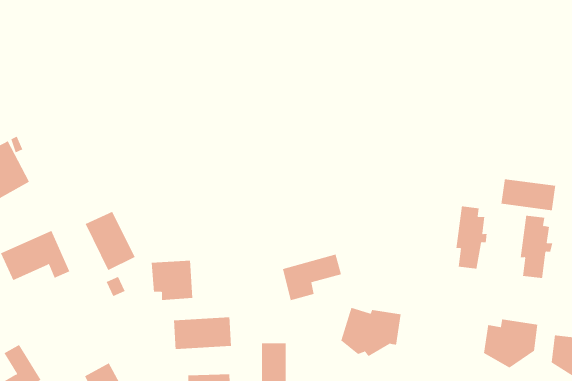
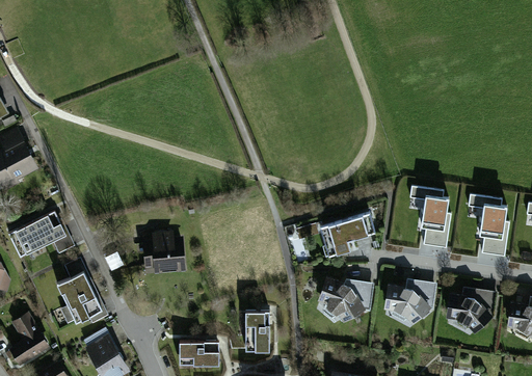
building: [501,178,556,211] -> none
building: [85,211,135,271] -> [55,269,101,323]
building: [282,254,342,301] -> [321,211,375,253]
building: none -> [384,284,434,327]
building: [174,316,232,350] -> none

